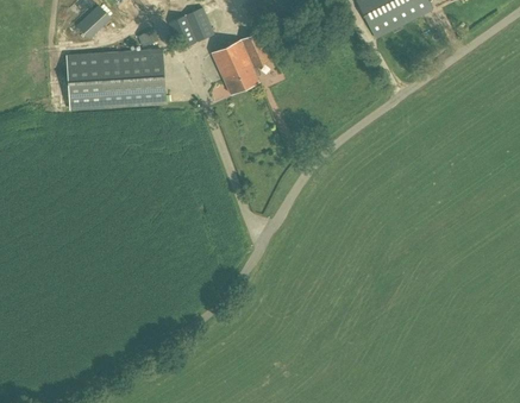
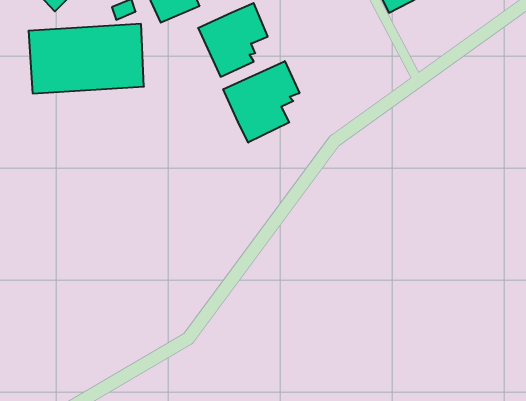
building: none -> [223,61,299,143]

